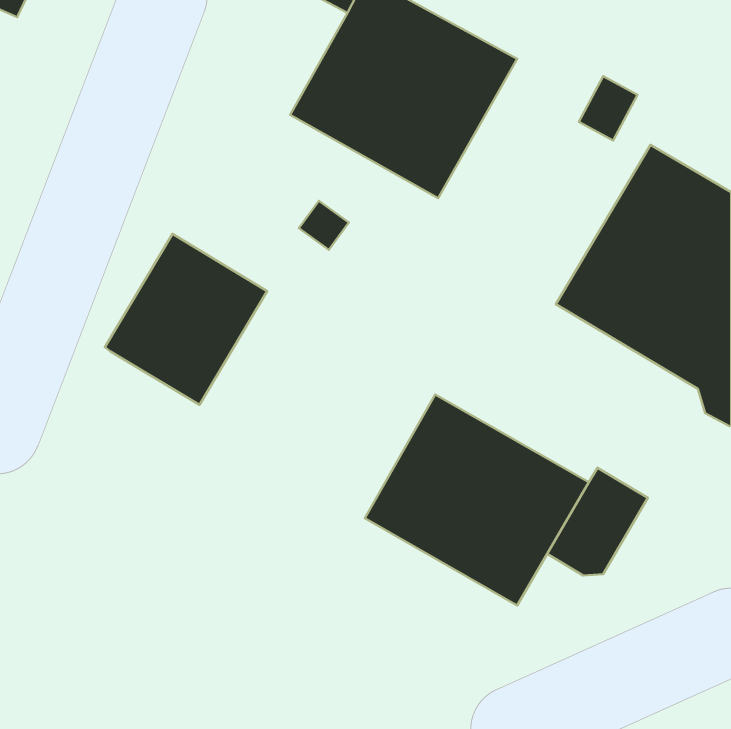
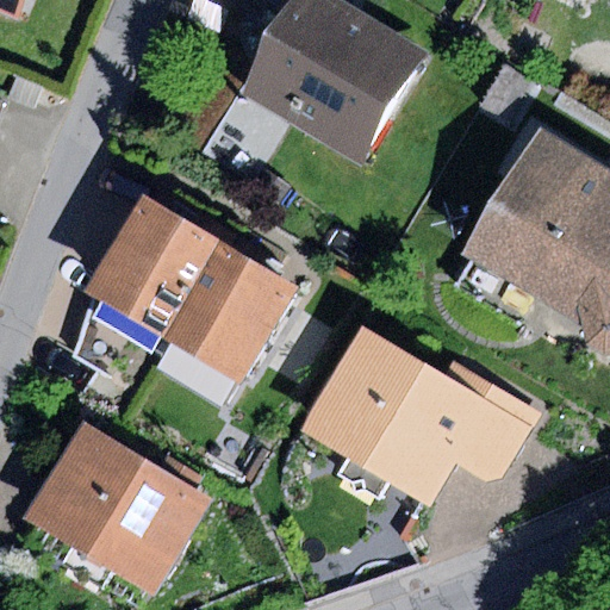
building: none -> [155,242,293,403]
building: none -> [26,422,210,591]

